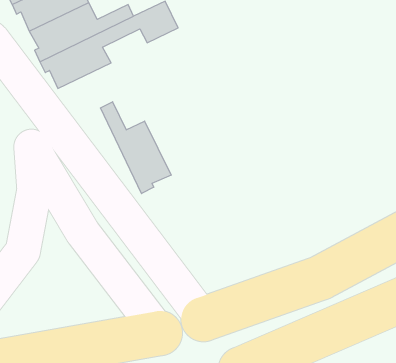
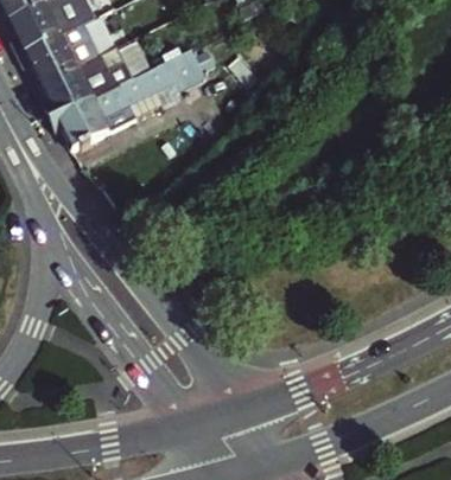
building: [100,102,171,194] -> none

